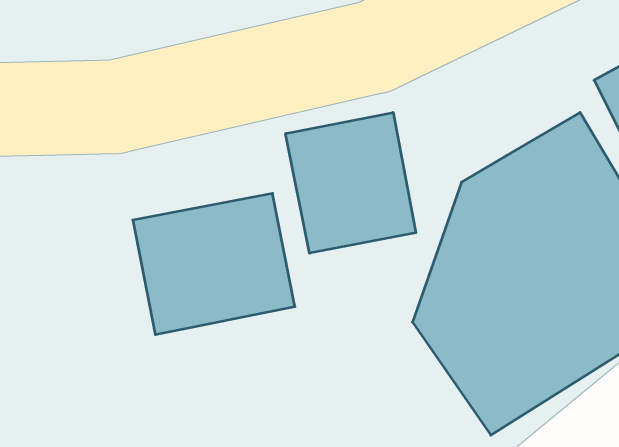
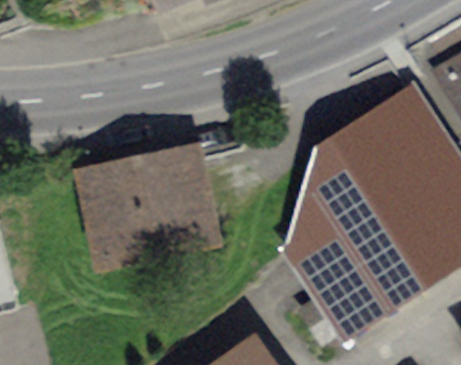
building: [286,112,416,253] -> none

